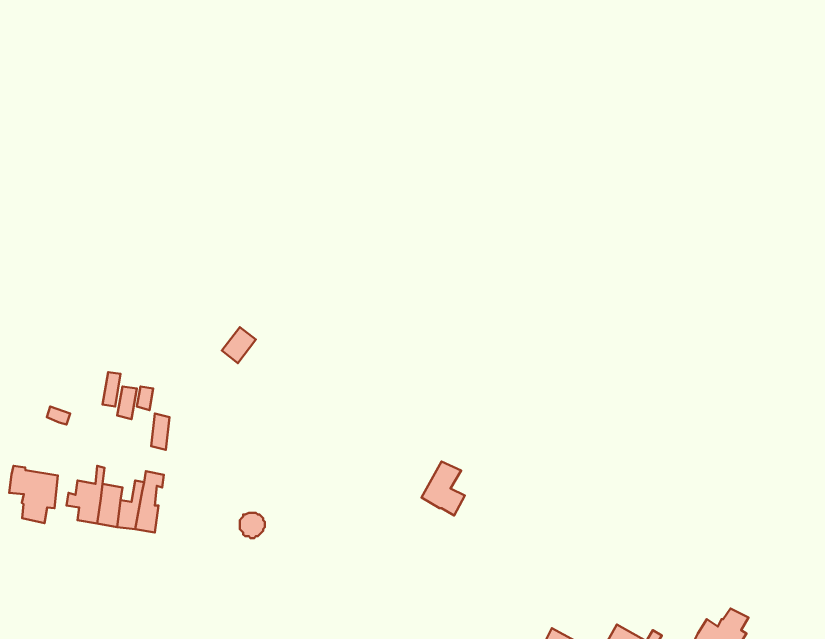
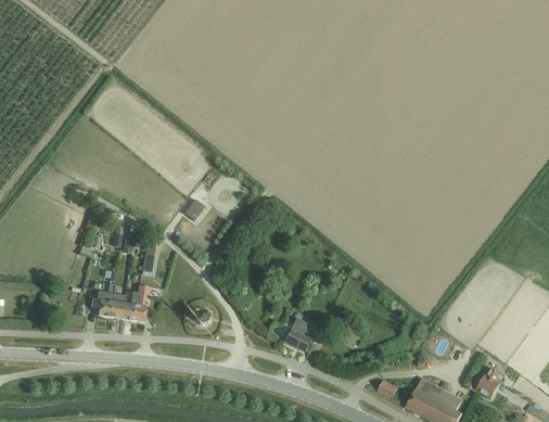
building: [422,461,465,515] -> [284,319,310,351]
building: [9,466,58,523] -> none

